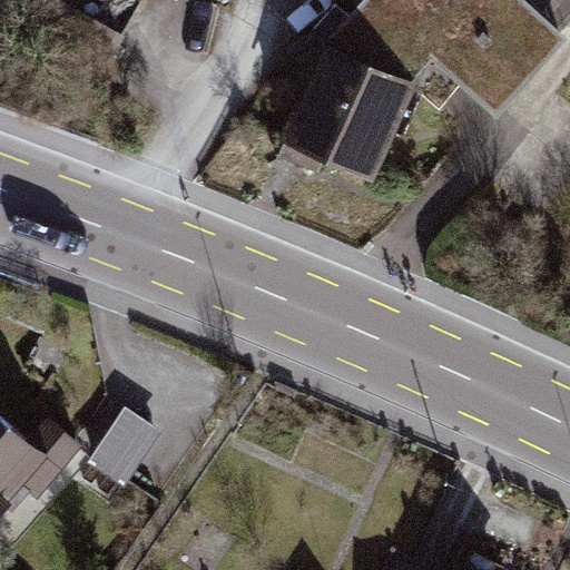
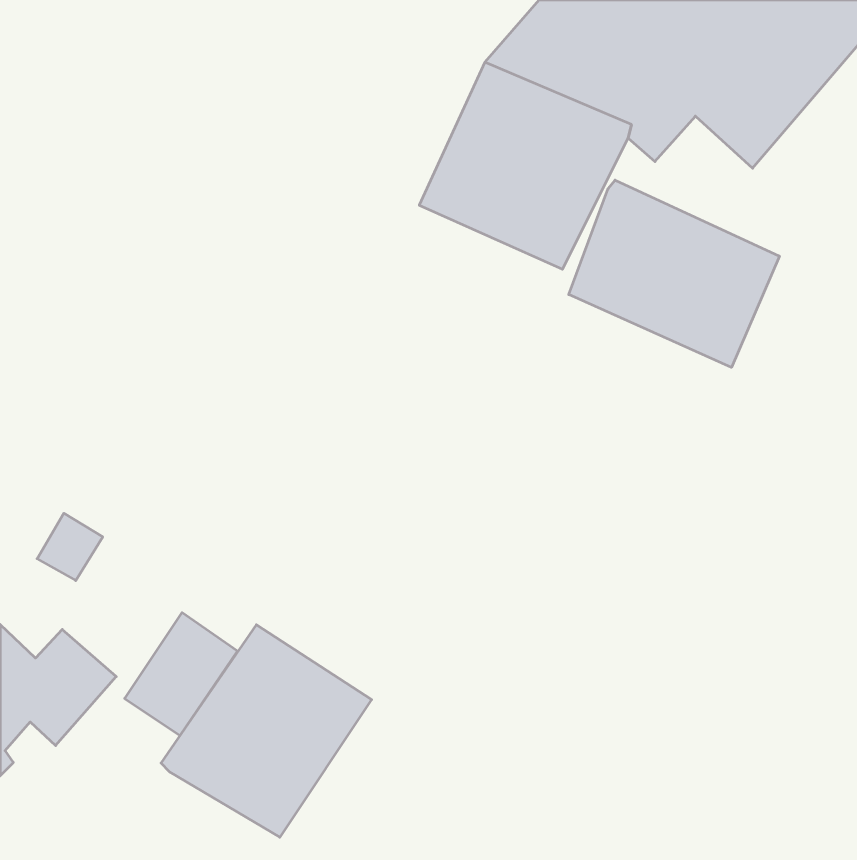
building: none -> [569,180,779,367]
building: none -> [161,625,372,837]

